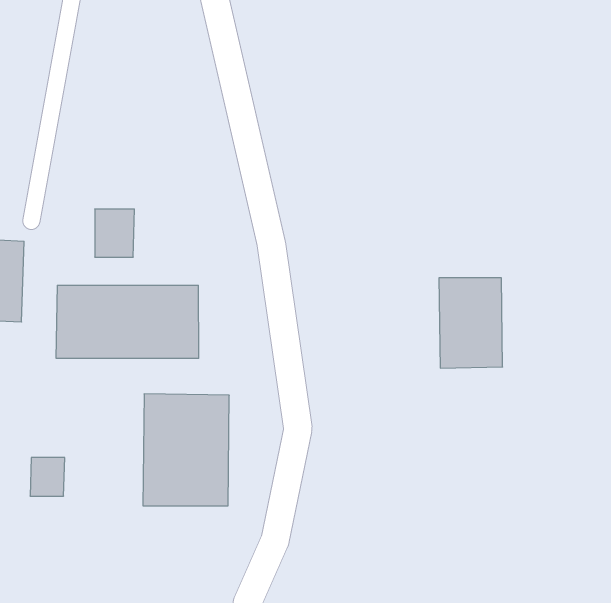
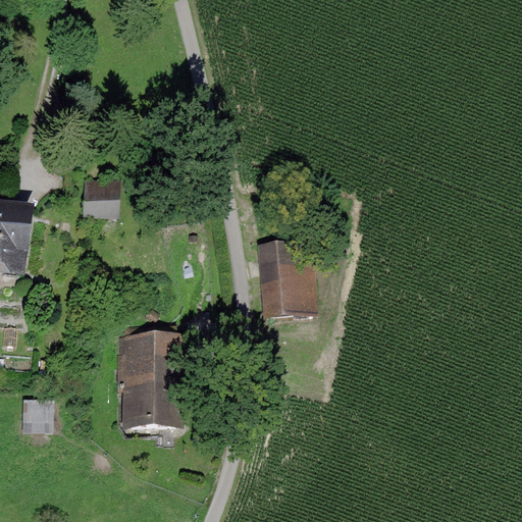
building: [439,278,503,368] -> [260,240,314,316]
building: [56,285,199,358] -> none

